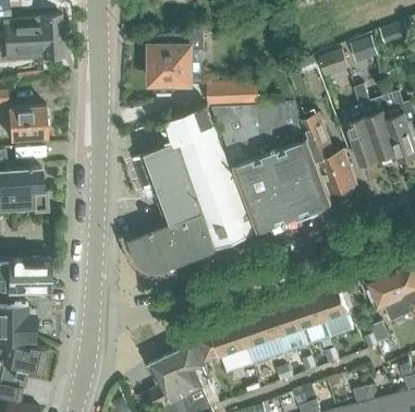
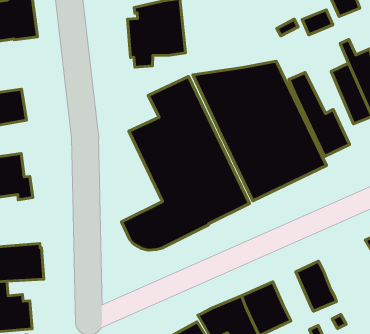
building: [206,81,258,104] -> none
building: [316,289,350,336] -> none
building: [270,304,307,351] -> none

